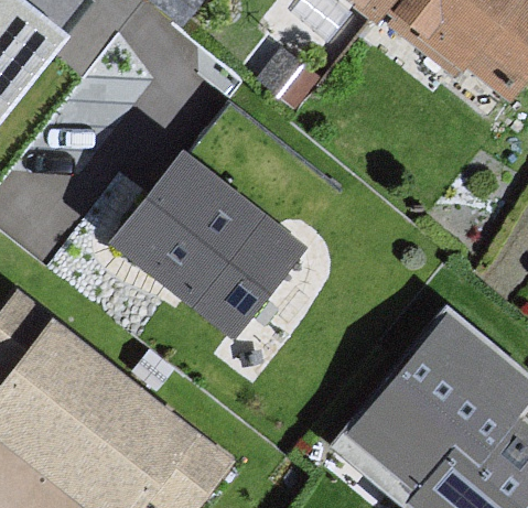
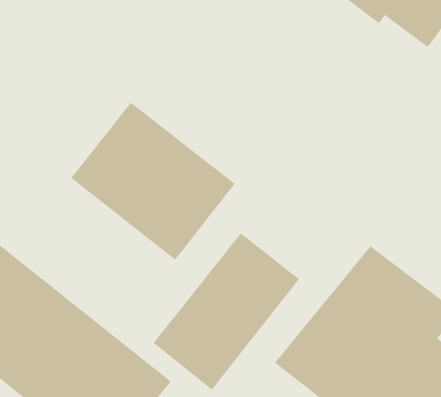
building: none -> [153,232,300,391]

